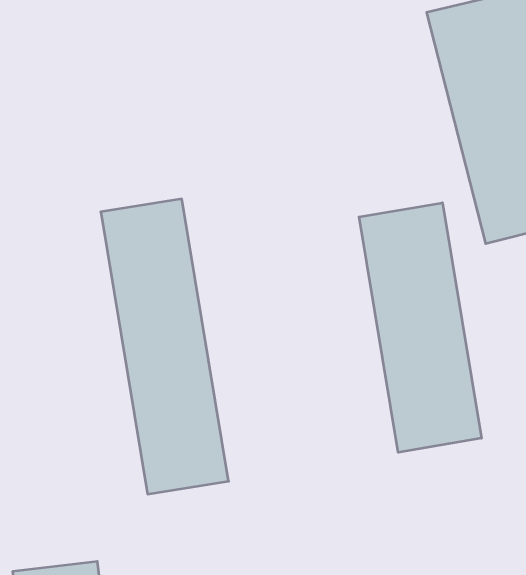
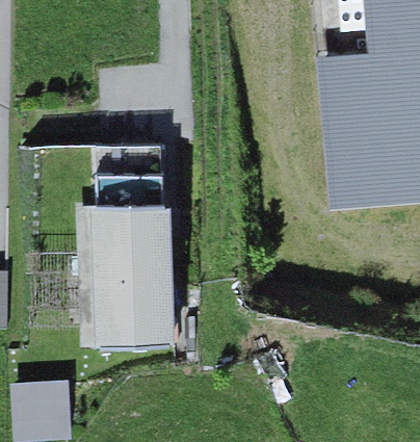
building: [359,203,481,452] -> none

